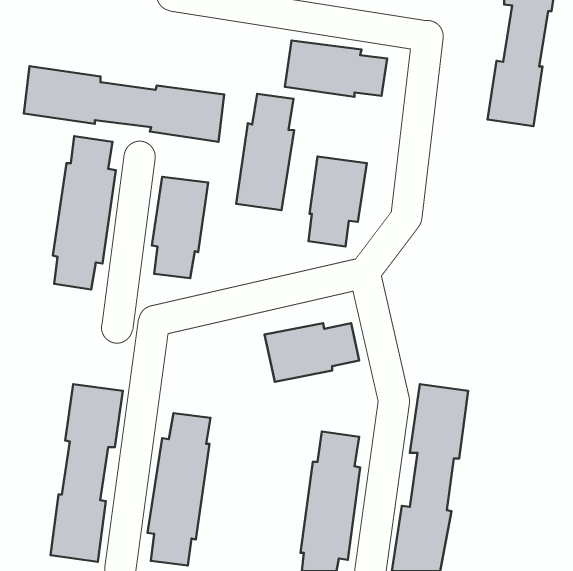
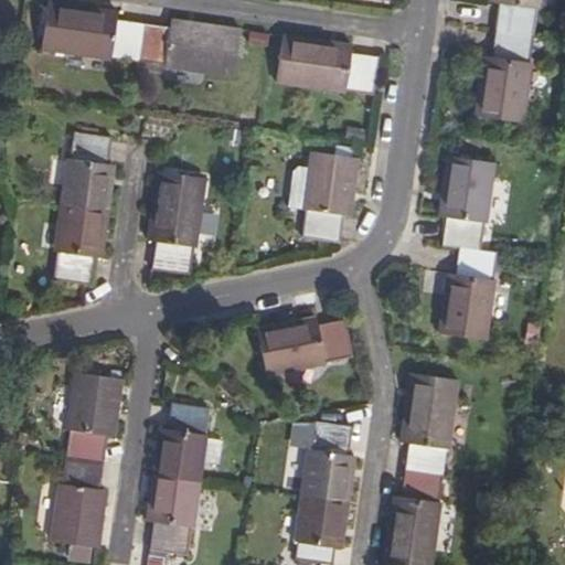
building: [24,66,224,142] -> [41,4,237,78]
building: [236,94,294,210] -> none
building: none -> [440,158,498,338]

